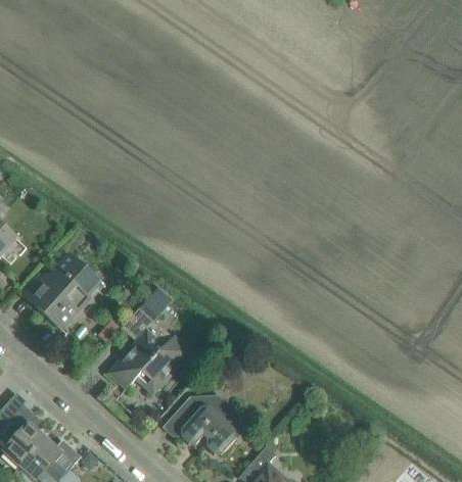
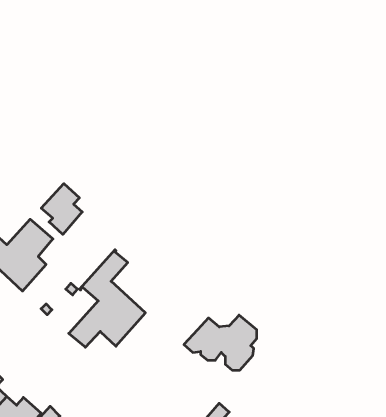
building: none -> [41,184,82,234]
building: [164,397,239,454] -> [184,315,257,370]

